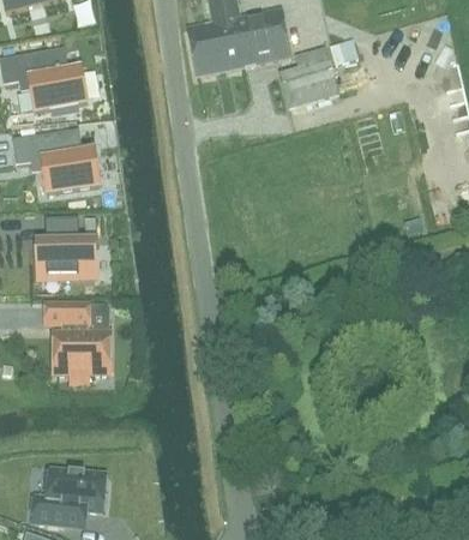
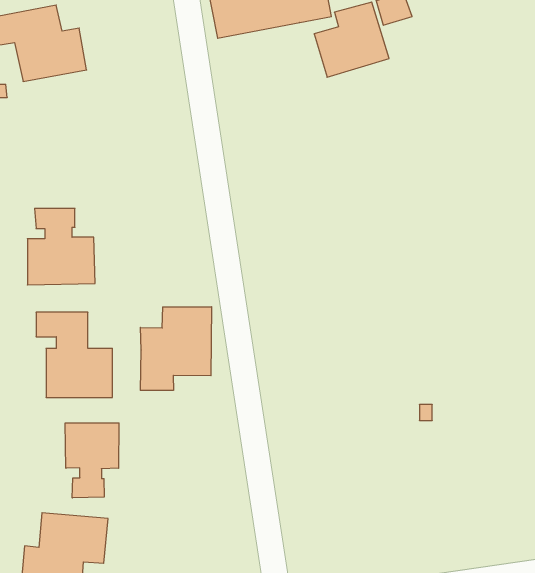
building: [26,136,100,190] -> none
building: none -> [140,307,212,390]
building: none -> [65,423,119,498]

